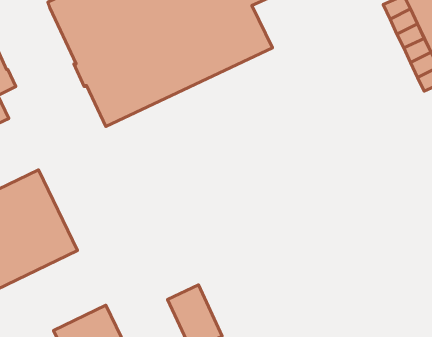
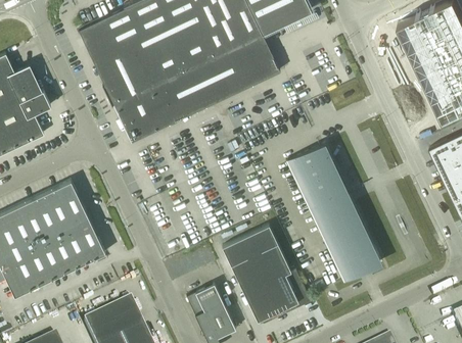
building: none -> [286,140,375,280]
building: none -> [223,223,312,318]

